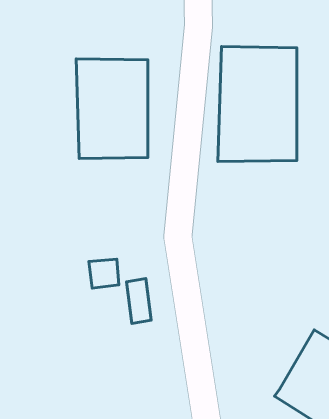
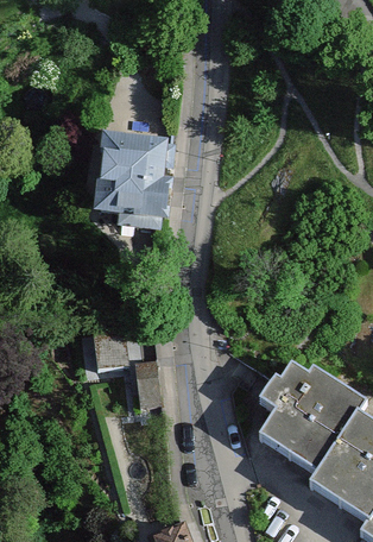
building: [218,47,297,162] -> none
building: none -> [245,363,359,478]

